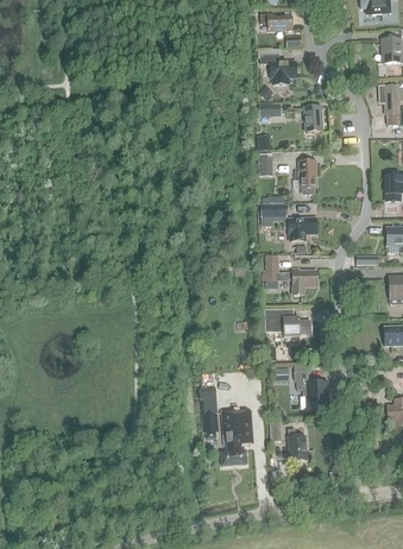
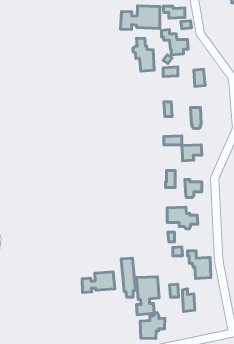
building: none -> [121,6,160,30]
building: none -> [133,38,154,71]
building: none -> [82,272,115,293]
building: none -> [140,313,165,339]

